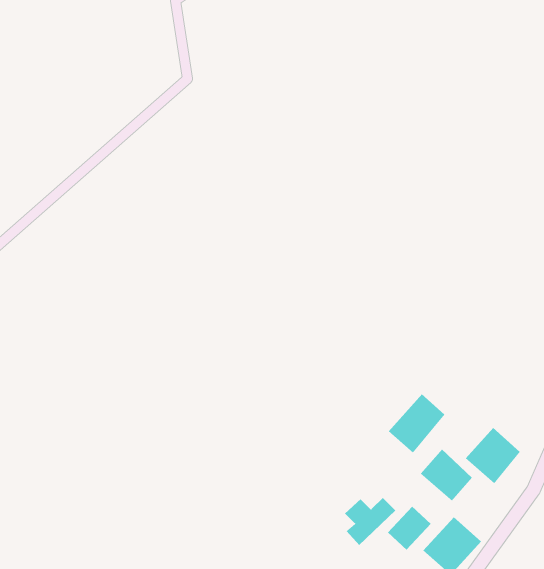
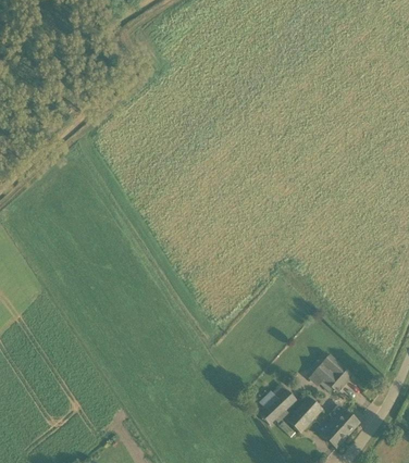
building: [388,394,445,454] -> none
building: [465,427,521,484] -> none

